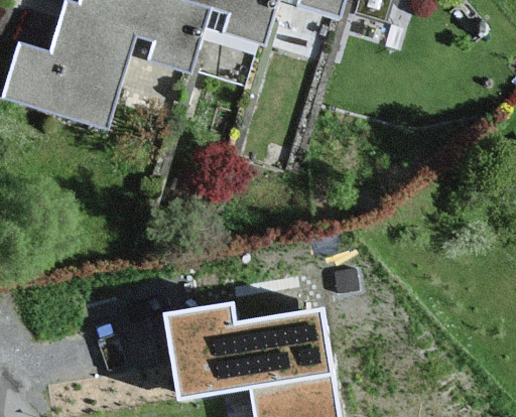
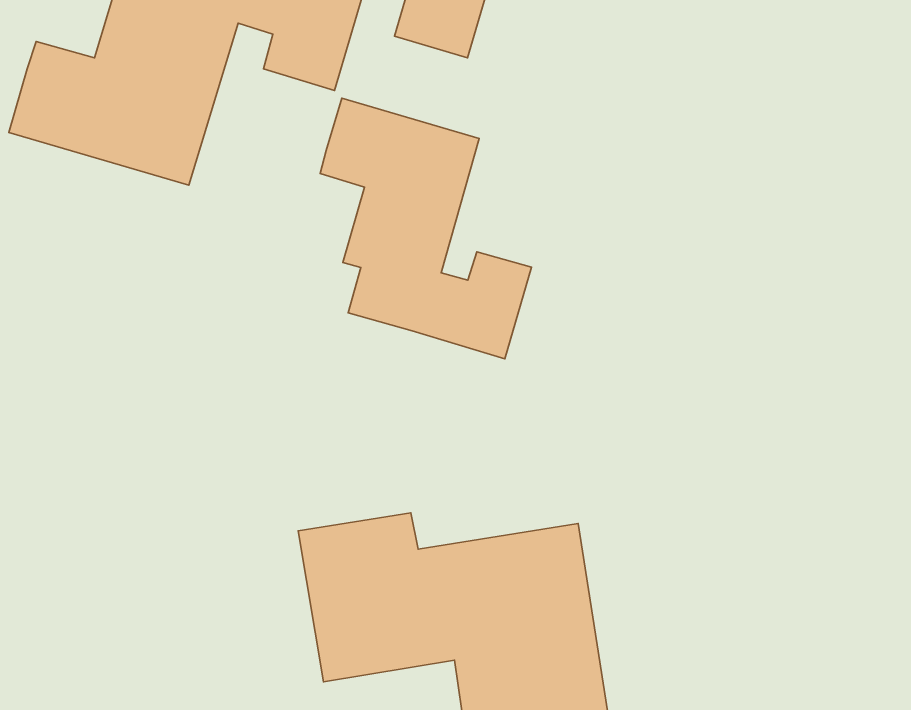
building: none -> [320,98,532,359]

